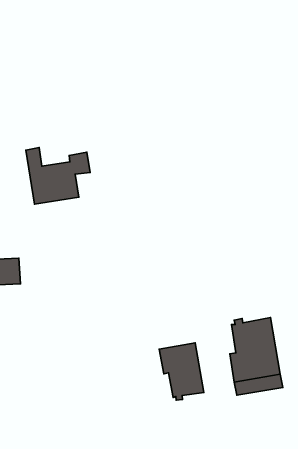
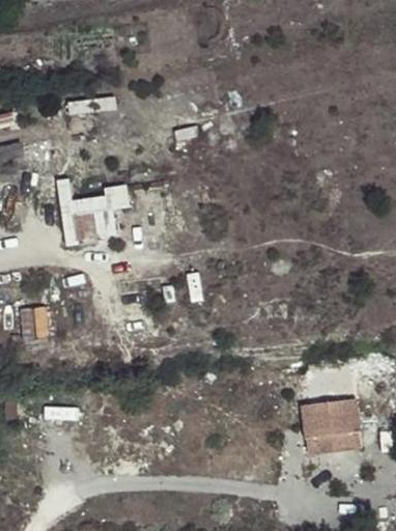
building: [159,343,204,400] -> none

